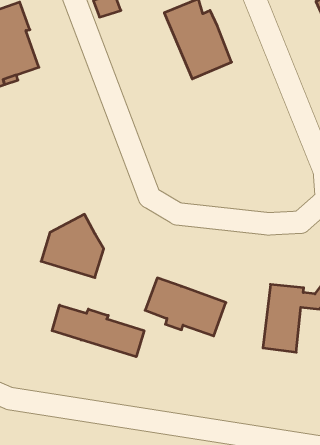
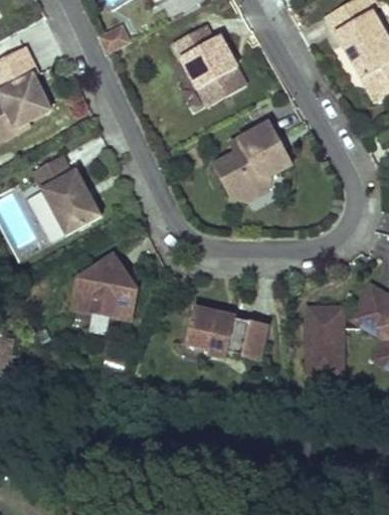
building: none -> [213,120,293,199]
building: none -> [32,153,102,233]
building: [52,305,144,357] -> none

